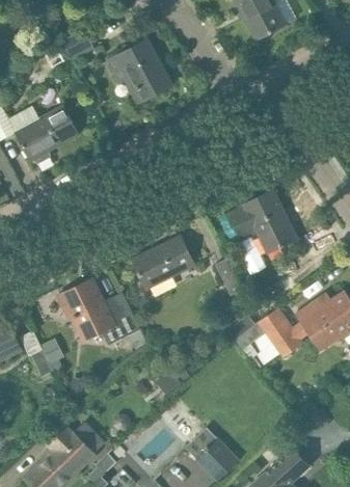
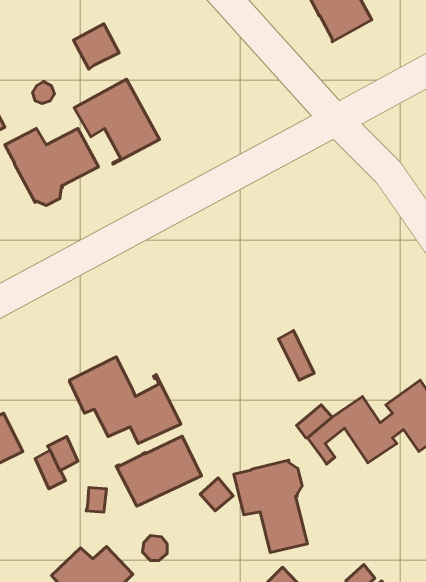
building: [107,39,171,104] -> [74,79,159,164]
building: [224,190,297,253] -> none
building: [130,236,194,289] -> [116,436,202,506]
building: none -> [234,460,307,553]

